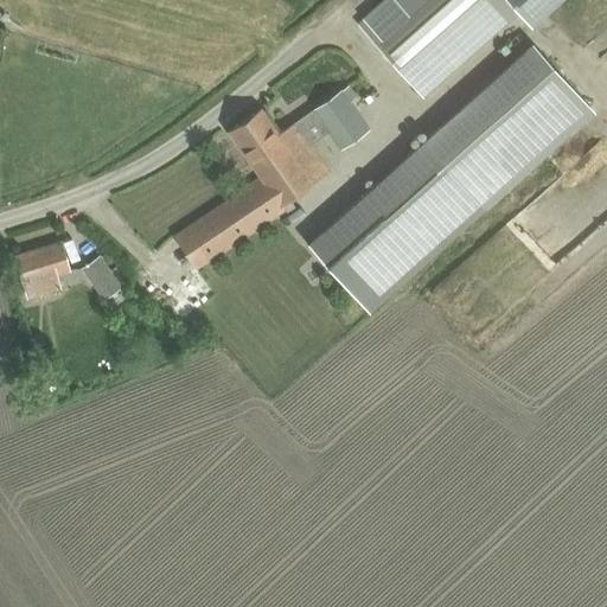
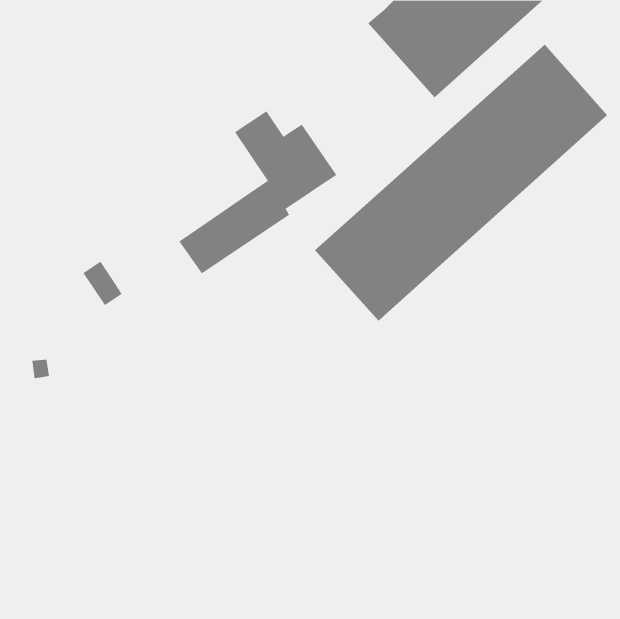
building: [314,85,370,149] -> none
building: [15,242,70,301] -> none

